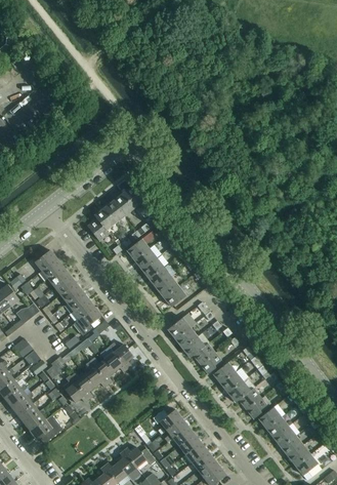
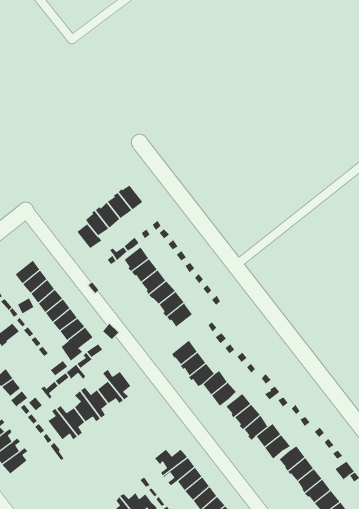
building: [31,415,62,444] -> none

